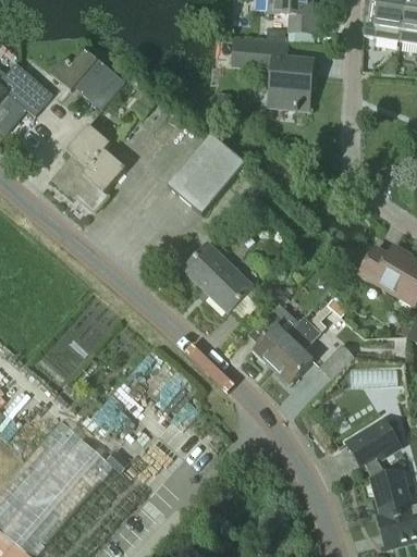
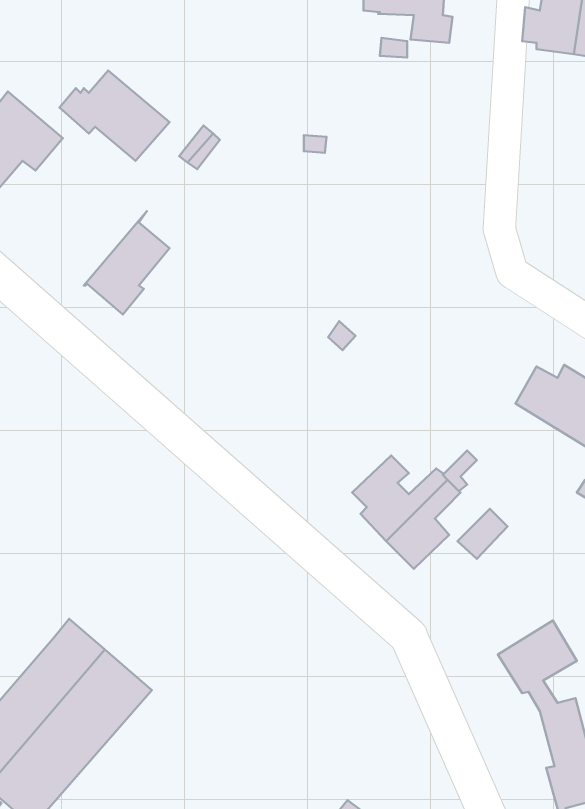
building: [231,38,311,108] -> none
building: [51,125,110,193] -> none
building: [167,134,245,213] -> none
building: [183,243,253,311] -> none

